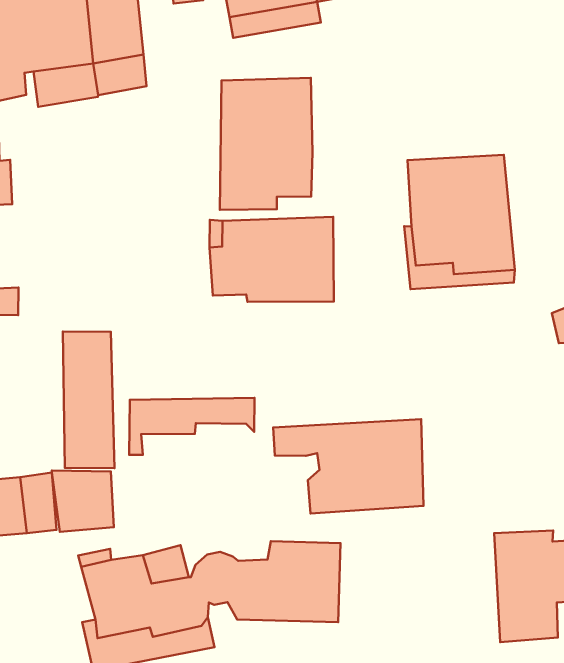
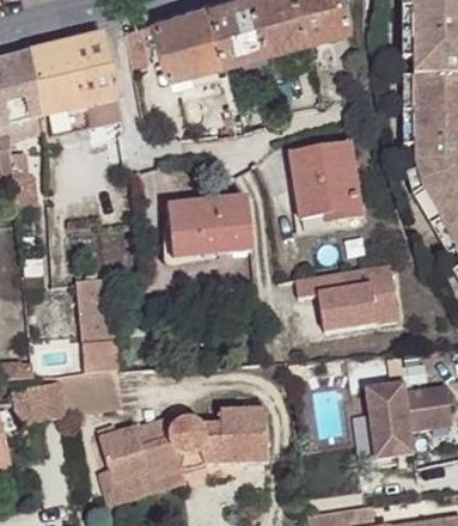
building: [220,78,312,210] -> none
building: [129,398,255,455] -> none
building: [273,419,424,513] -> [297,264,398,331]

